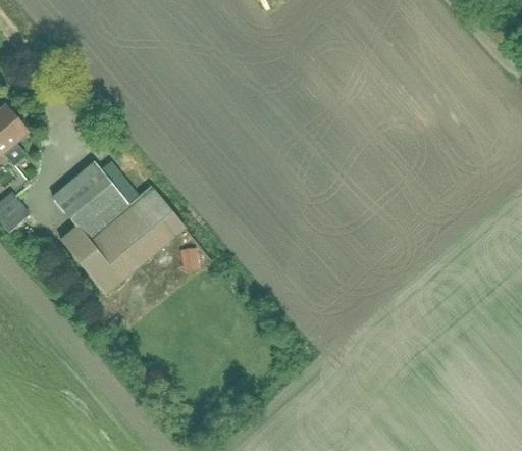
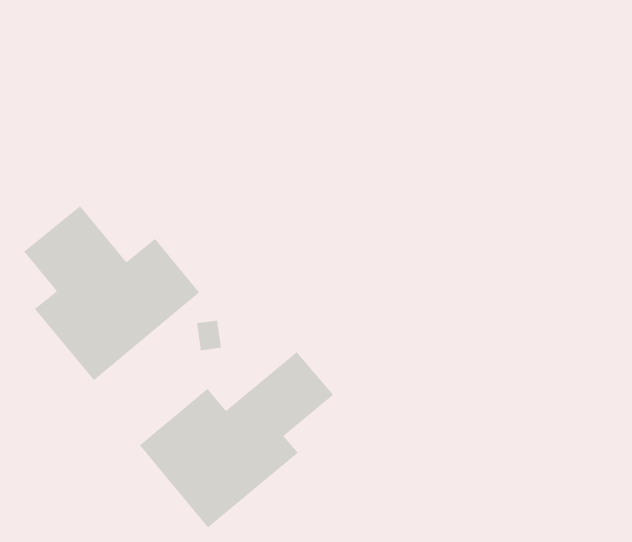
building: none -> [139,351,334,529]

